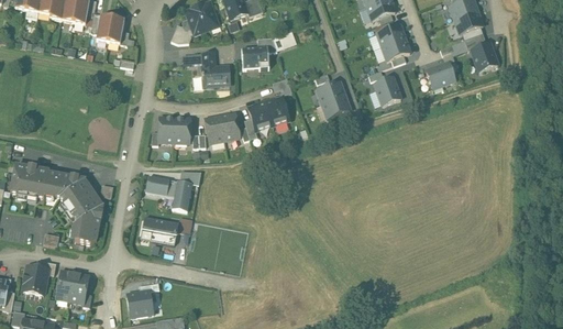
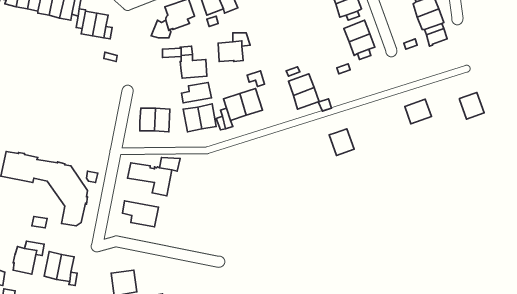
building: [470,43,496,72] -> [459,92,484,119]
building: [424,63,453,89] -> [405,99,431,124]
building: [373,77,399,106] -> [329,129,354,156]
building: none -> [181,83,211,103]

